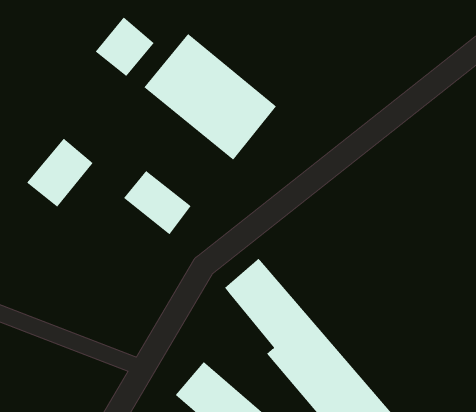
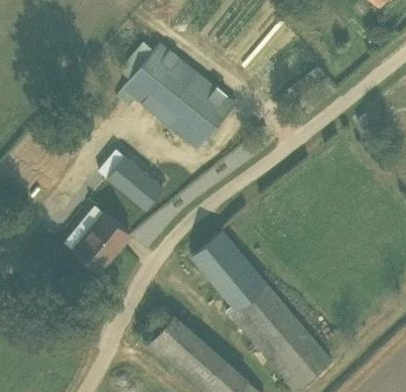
building: [95,17,155,77] -> none
building: [26,138,94,208] -> [73,213,129,271]

